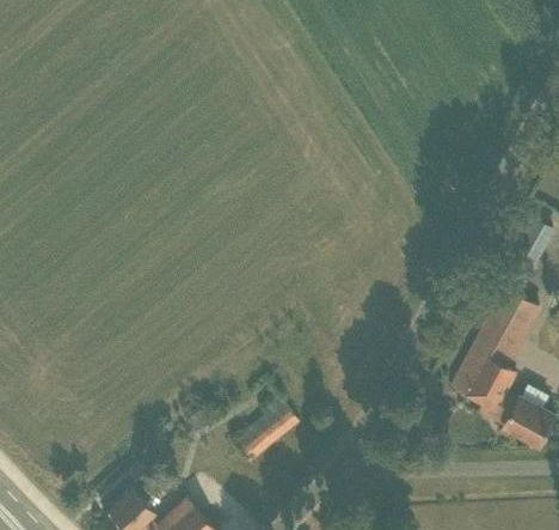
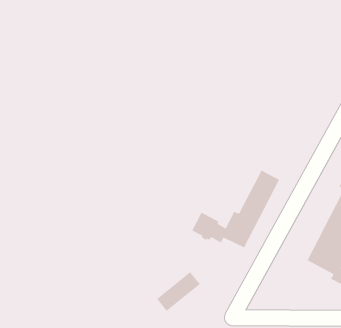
building: none -> [191,169,280,249]

